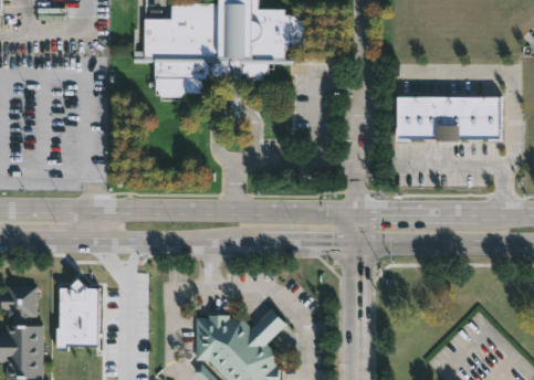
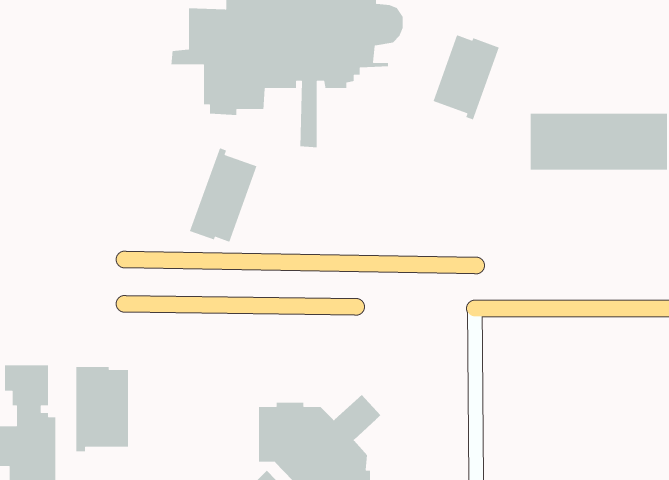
building: none -> [432,34,500,120]
building: none -> [189,147,258,243]

